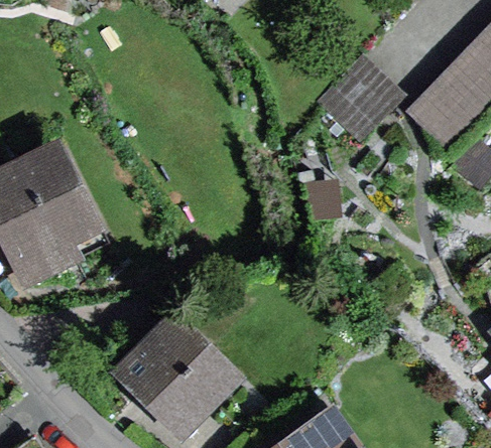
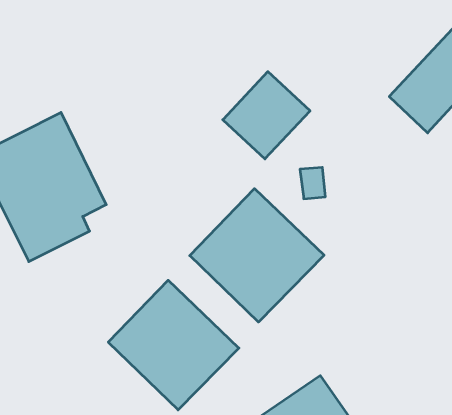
building: [311,56,400,146] -> [223,72,310,159]
building: none -> [190,189,324,322]

